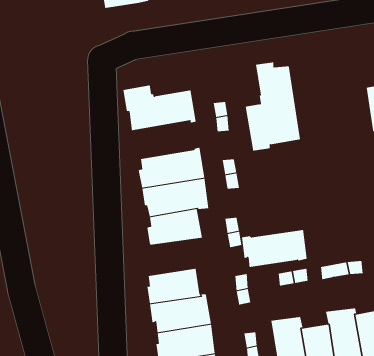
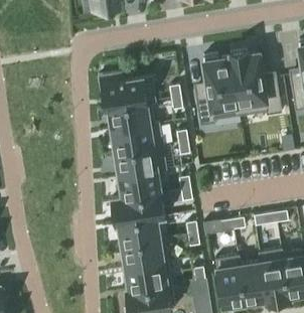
building: none -> [230,50,281,116]
building: none -> [105,101,154,131]
building: [241,229,308,268] -> [112,193,164,223]

